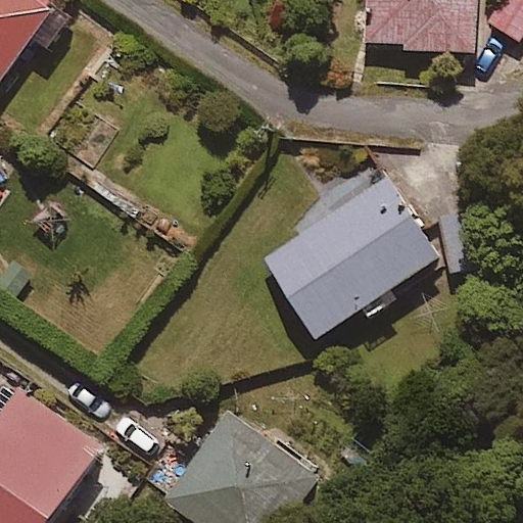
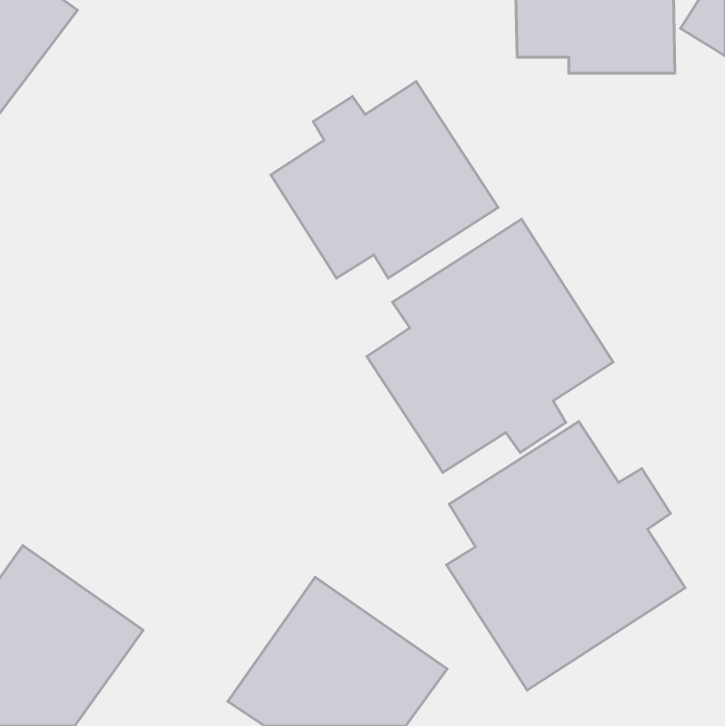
building: none -> [271,82,498,278]
building: none -> [446,422,685,690]

